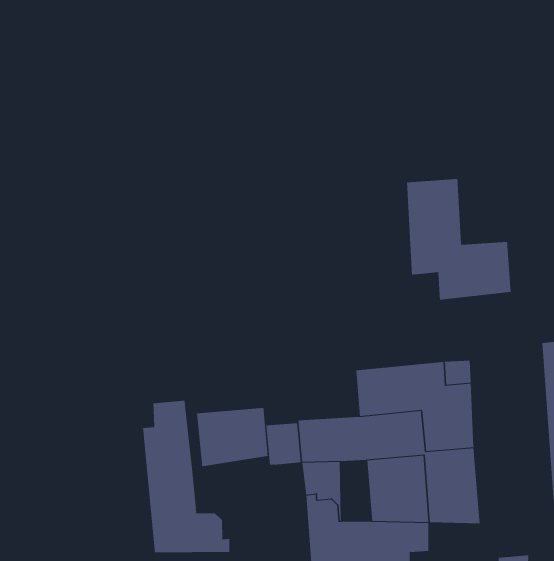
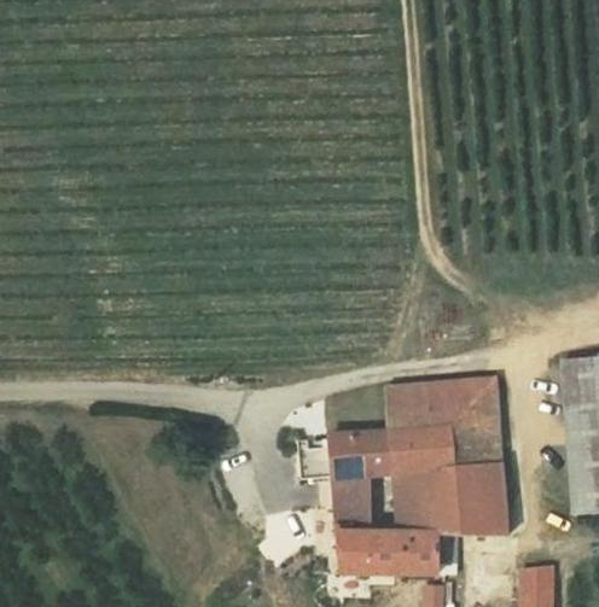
building: [407,178,511,301] -> none
building: [143,400,230,553] -> none
building: [197,407,268,467] -> none

